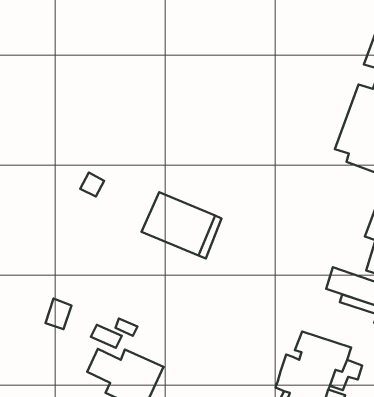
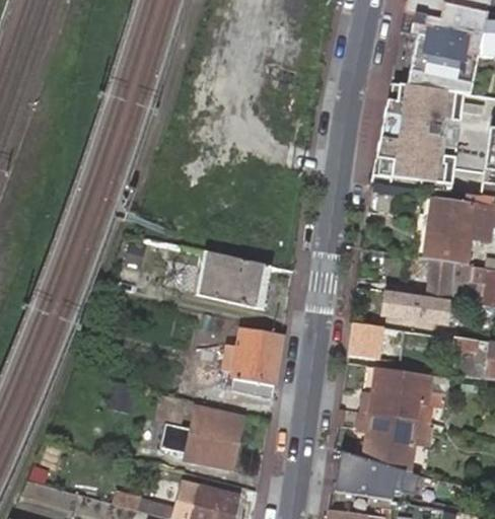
building: none -> [217,324,280,407]
building: none -> [348,320,384,359]

